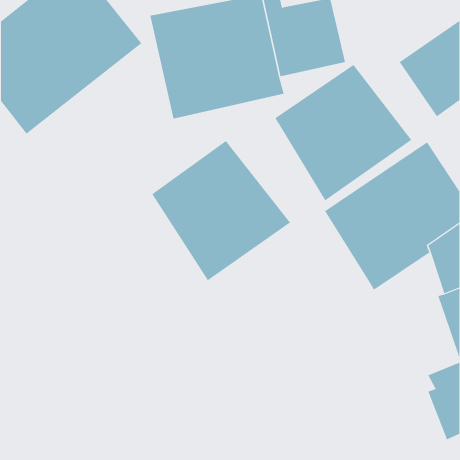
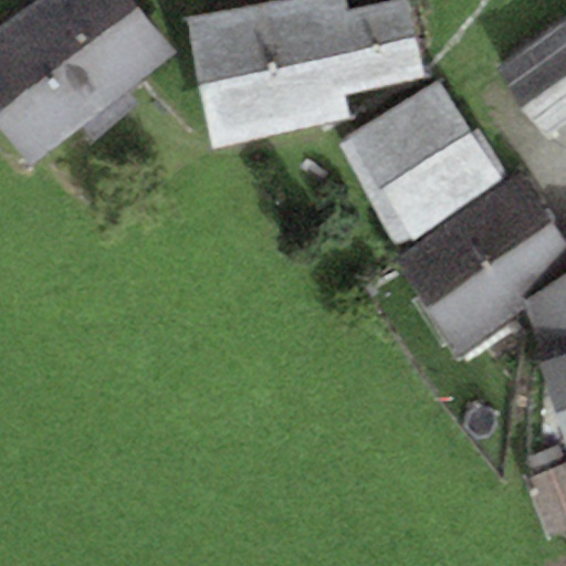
building: [152,140,291,281] -> none

